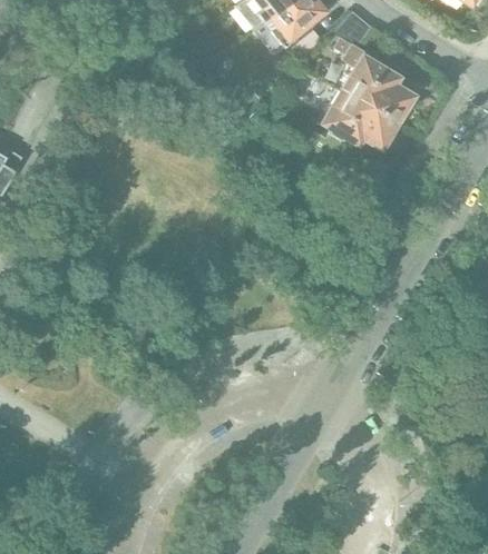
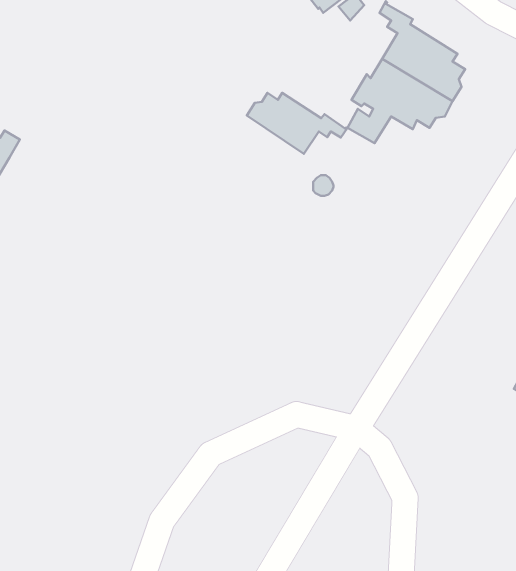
building: none -> [247,93,348,154]

